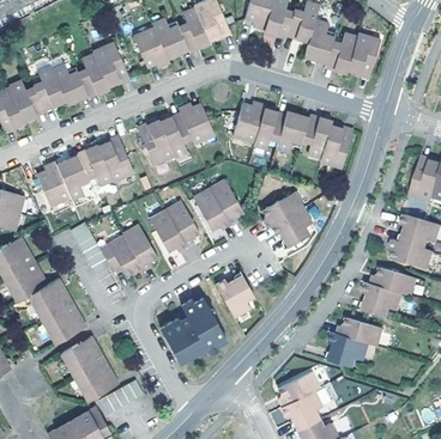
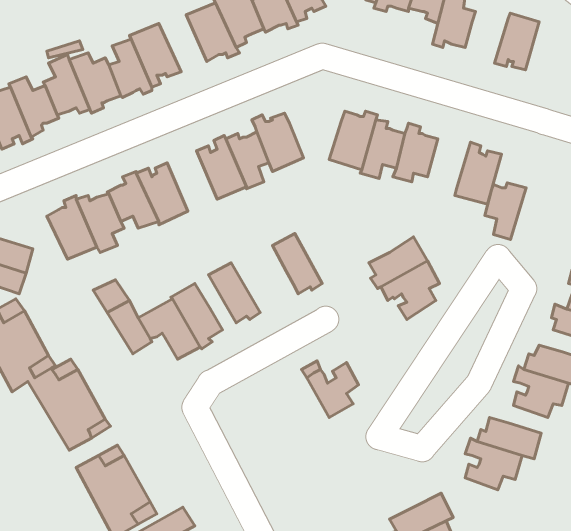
building: [327,36,358,74] -> none
building: [304,118,333,158] -> [485,183,526,240]
building: [210,179,243,224] -> none
building: [165,201,199,244] -> none
building: [161,299,226,358] -> none

